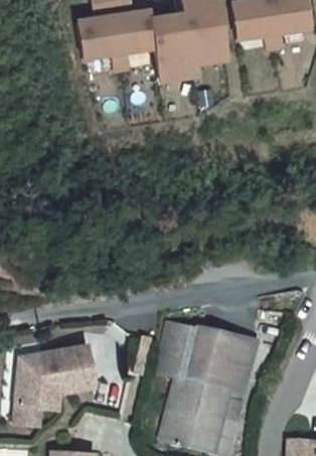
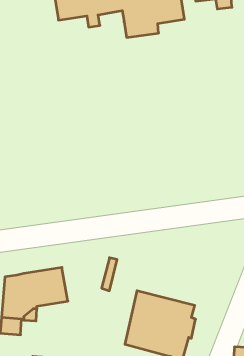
building: [156,322,255,393] -> none

